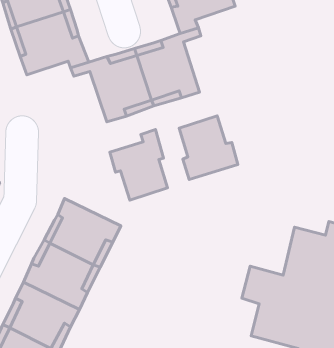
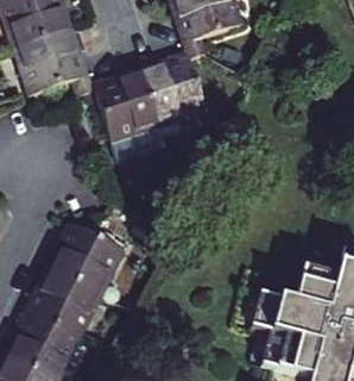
building: [179,116,238,180] -> none
building: [110,129,168,200] -> none

